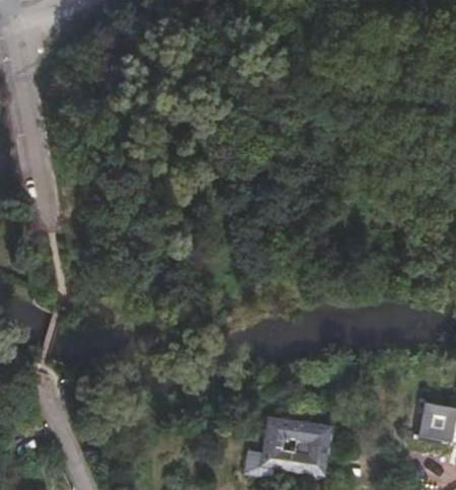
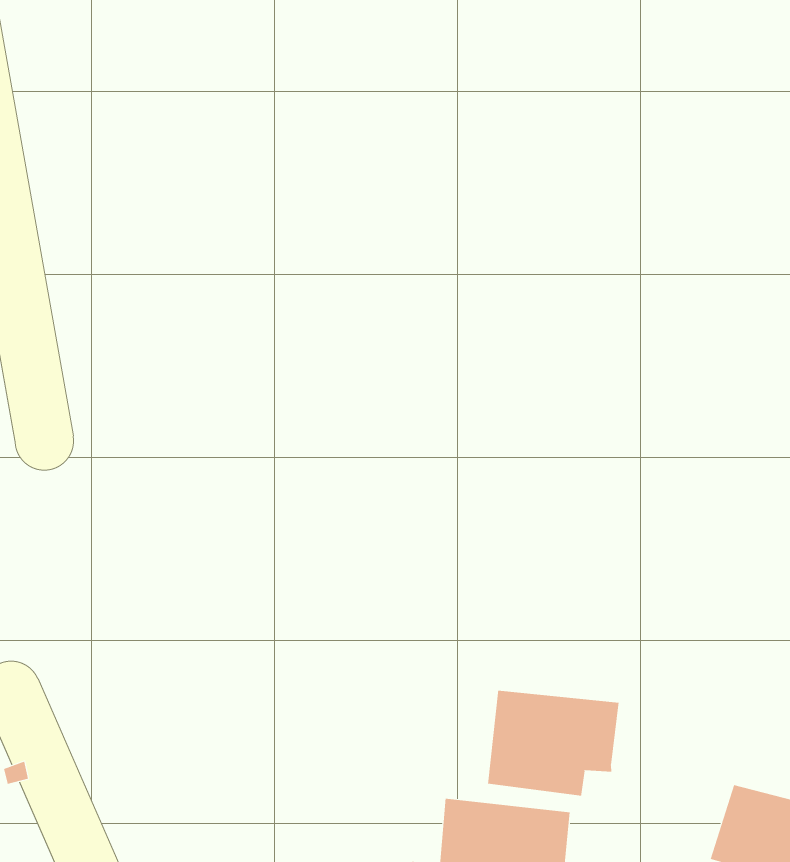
building: none -> [487,690,619,797]

